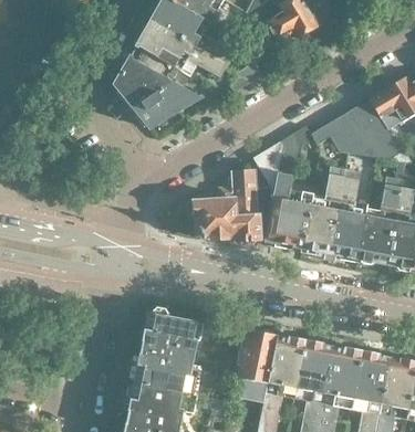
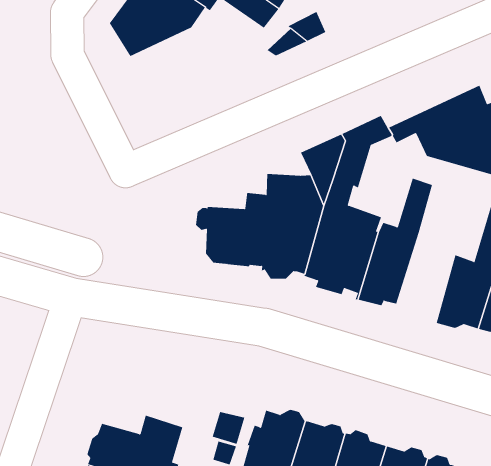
building: [132,81,200,127] -> none
building: [330,169,367,262] -> none
building: [139,307,201,358] -> none

